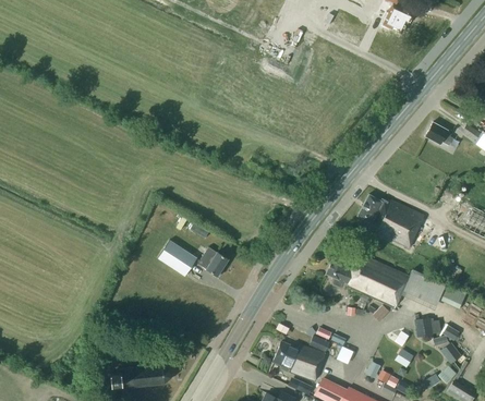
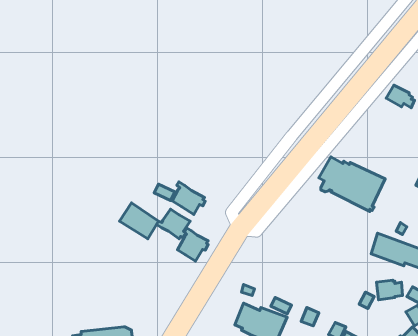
building: none -> [172,182,205,215]
building: [327,252,410,308] -> none
building: none -> [177,228,208,261]

